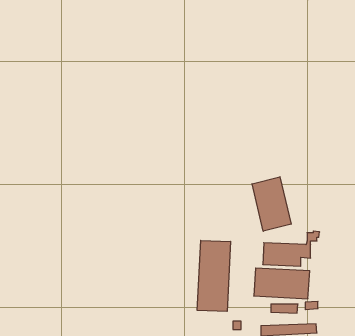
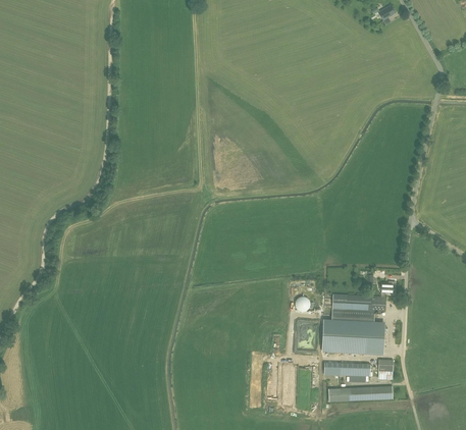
building: [252,177,291,231] -> none
building: [197,240,231,311] -> none

